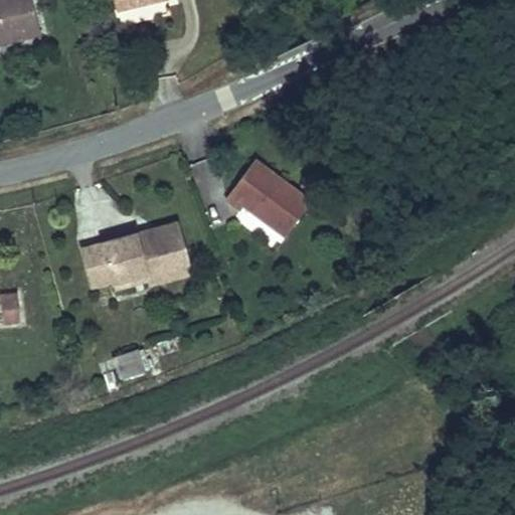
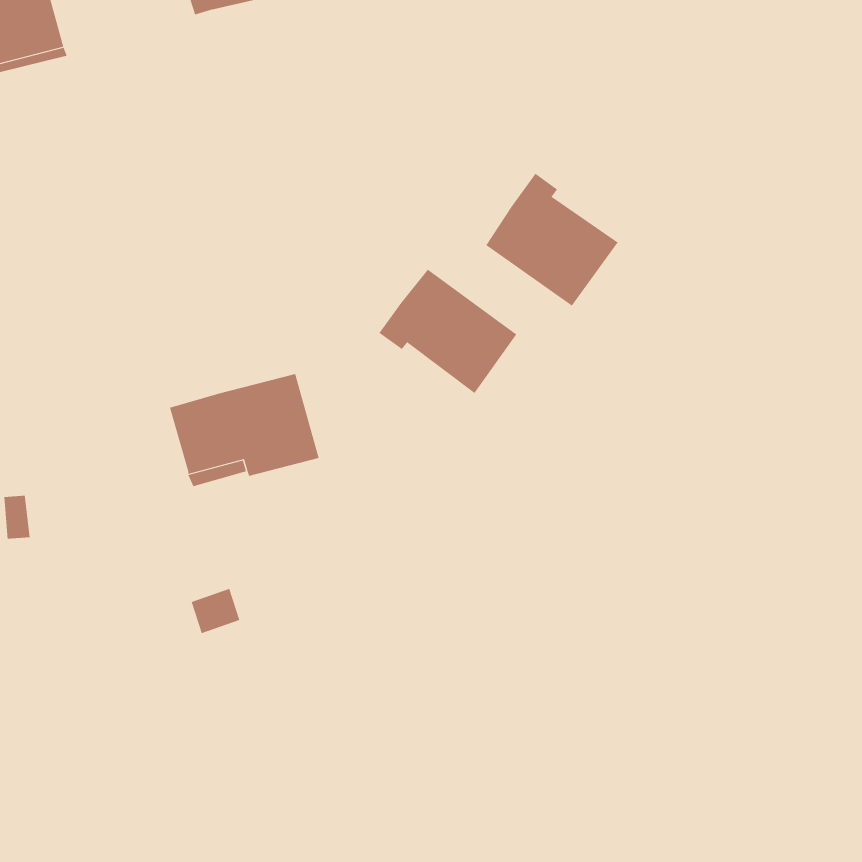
building: none -> [485,173,619,307]
building: [81,242,112,286] -> none

